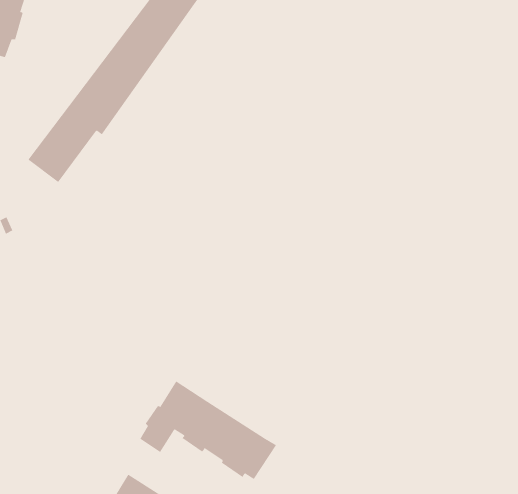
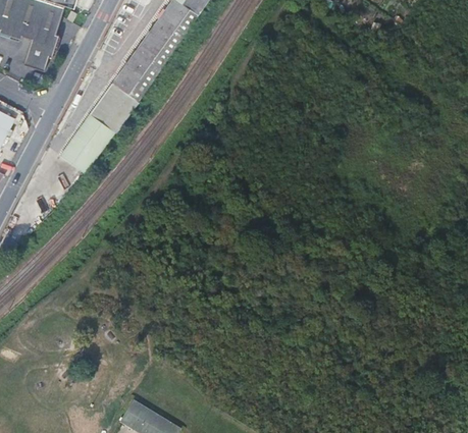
building: [140,381,277,480] -> none

